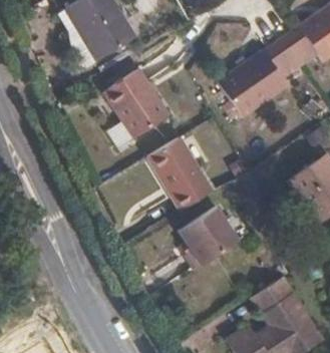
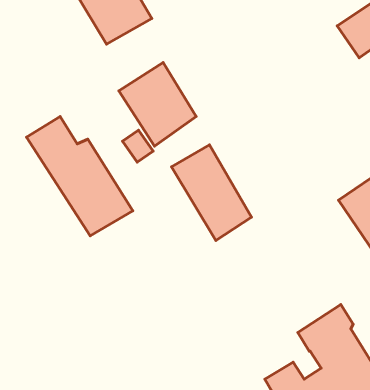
building: [219,40,301,116] -> none
building: none -> [27,117,133,236]
building: [178,205,238,271] -> none

